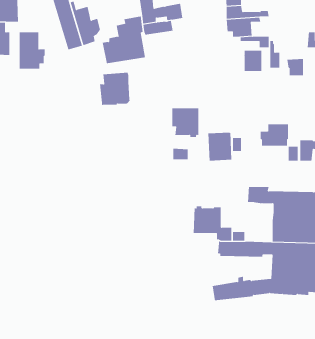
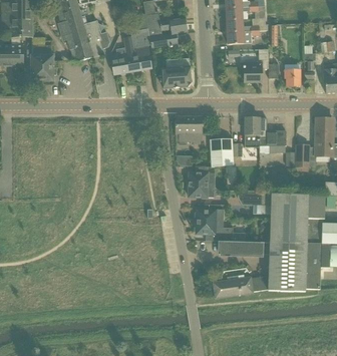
building: [99,72,131,106] -> [161,57,192,89]
building: none -> [244,117,267,147]
building: none -> [189,166,215,197]

